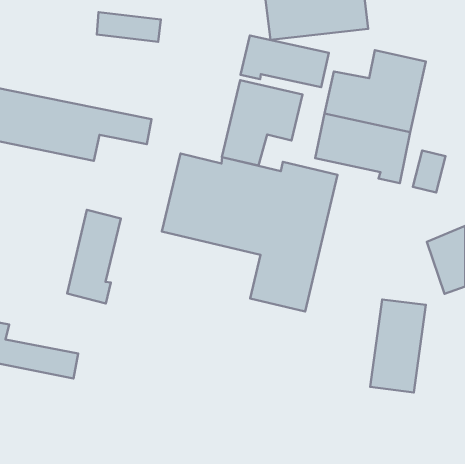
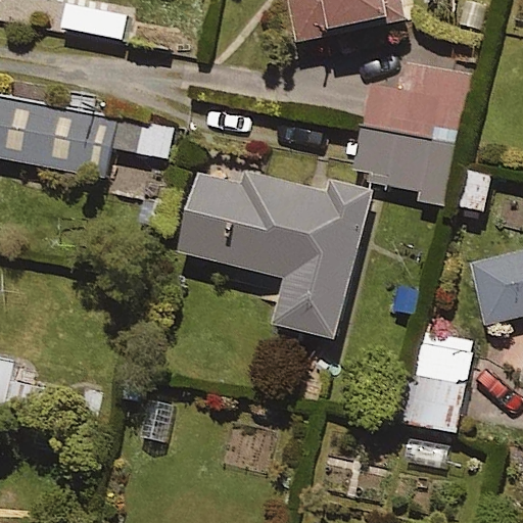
building: [240,35,329,87] -> none
building: [222,80,302,166] -> none
building: [67,210,121,303] -> none

